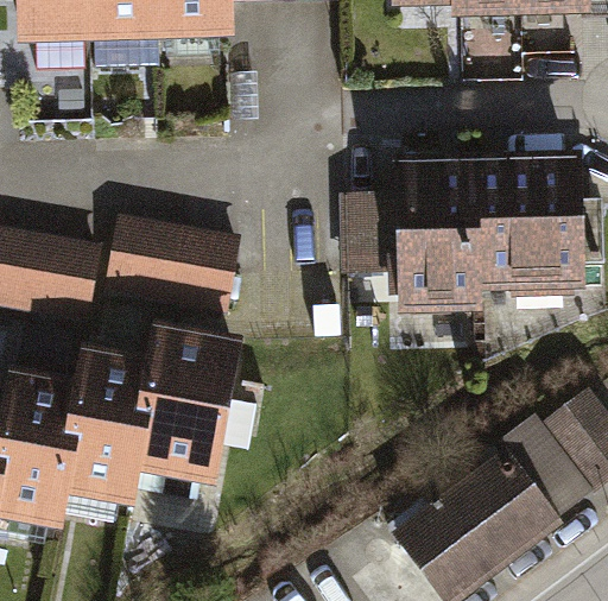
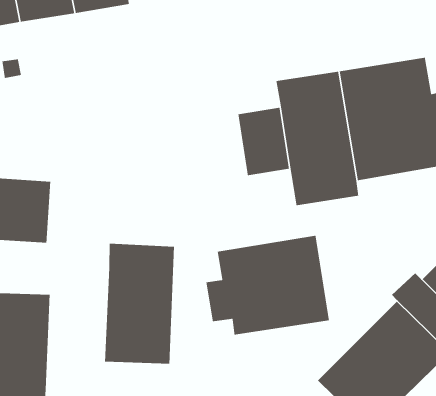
building: [104,210,240,310] -> none
building: [58,348,156,511] -> none
building: none -> [205,235,330,336]

